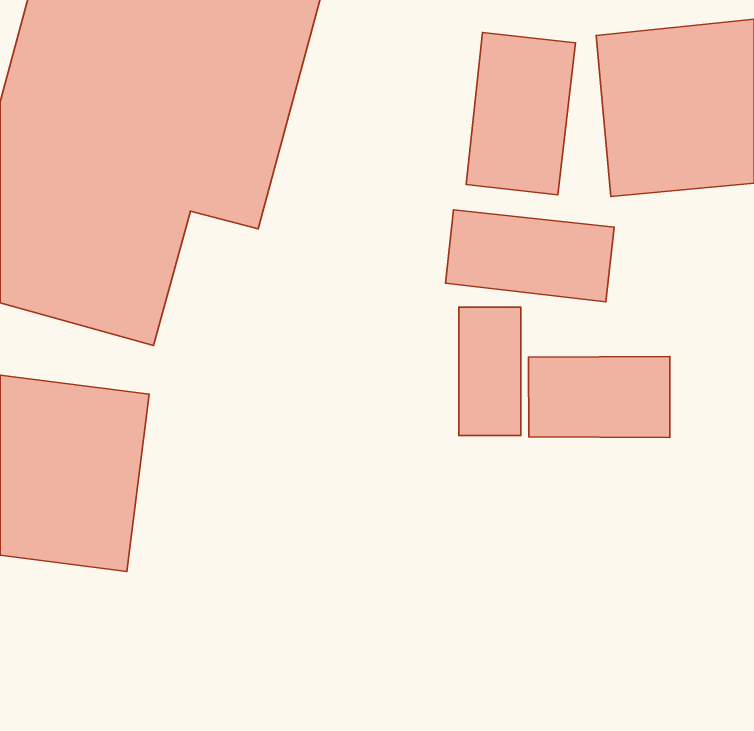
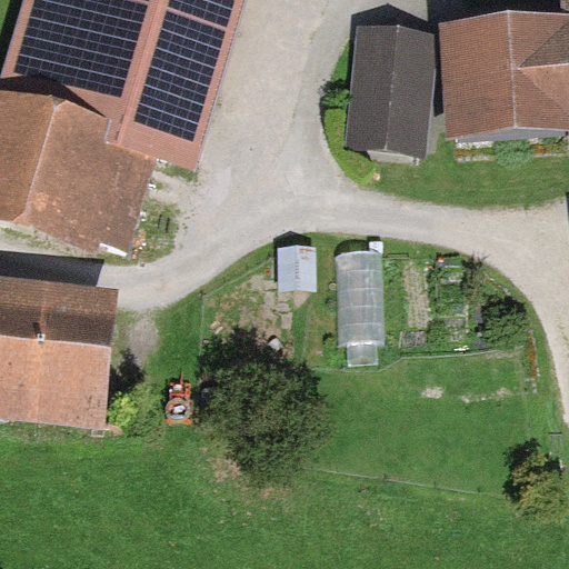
building: [445,210,614,302] -> none
building: [529,357,670,438] -> none

